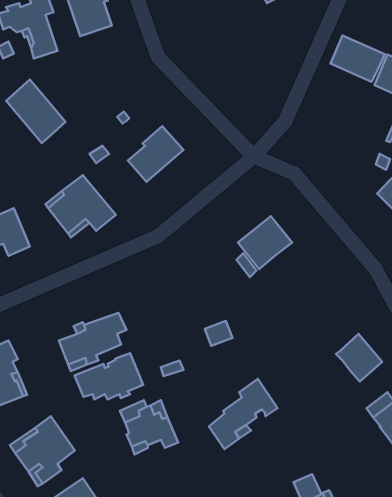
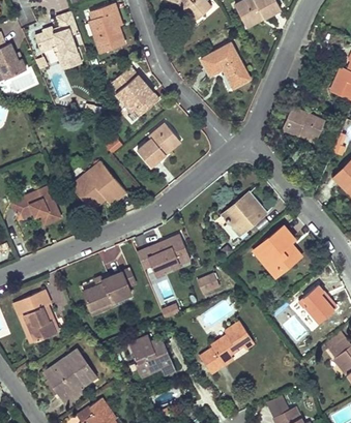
building: none -> [201,43,248,88]
building: [330,36,385,82] -> [282,105,324,142]
building: [6,80,66,143] -> [112,66,158,116]
building: none -> [253,225,300,277]
building: [74,353,143,399] -> [137,235,191,271]

